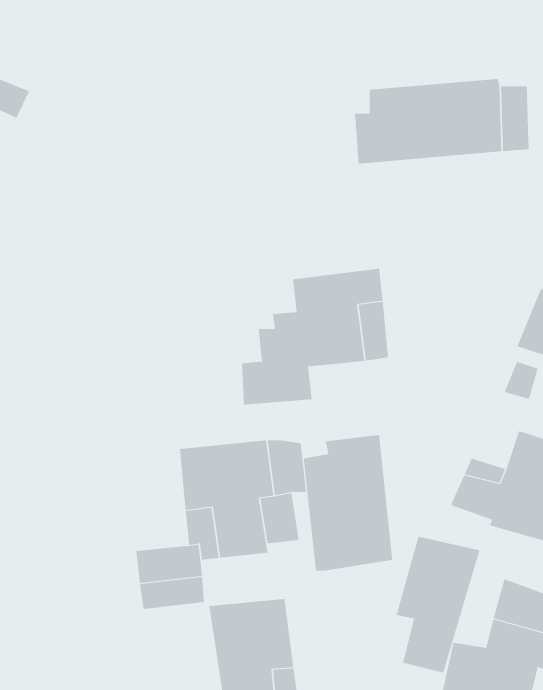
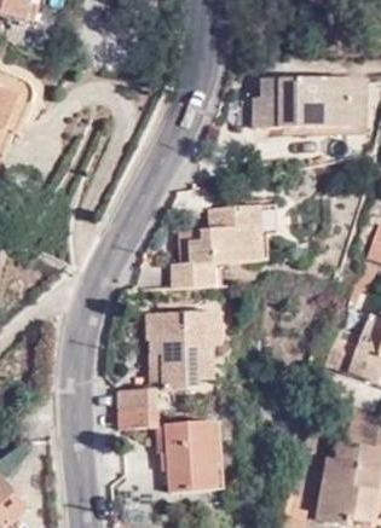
building: [303,434,393,572] -> none
building: [396,536,480,673] -> none

